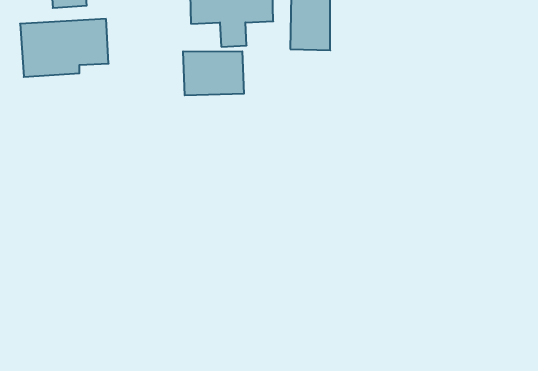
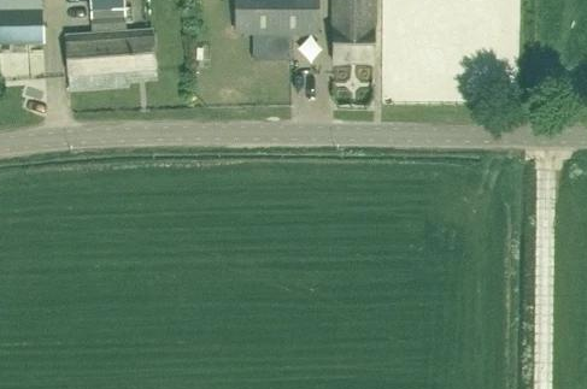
building: [183,51,244,95] -> none

